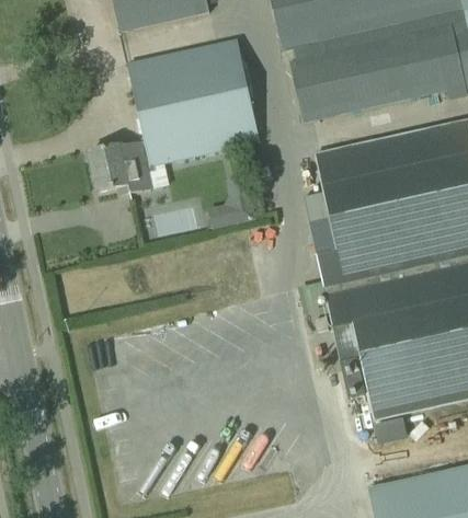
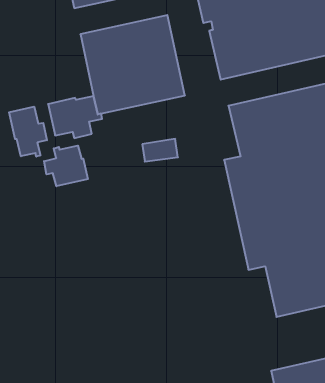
building: none -> [9,107,47,157]
building: none -> [44,146,88,186]

